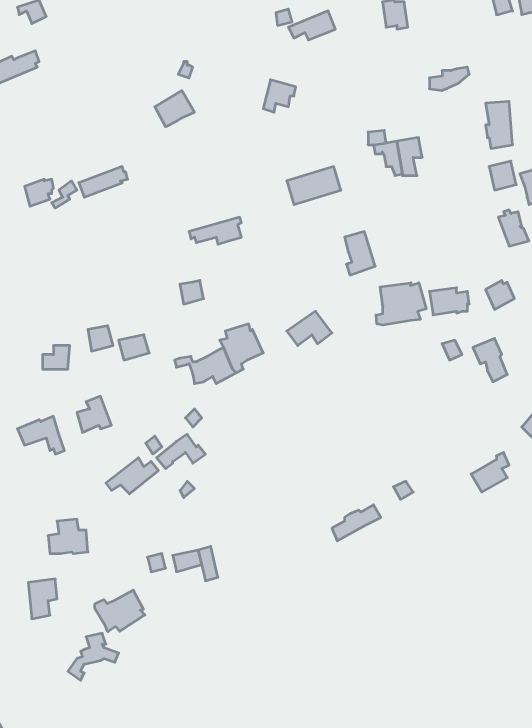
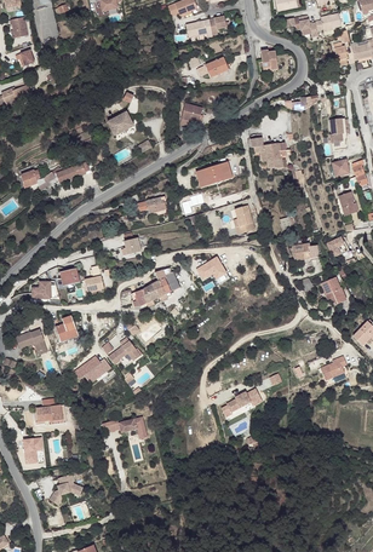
building: [376,283,426,325] -> none
building: [95,590,145,632] -> none

